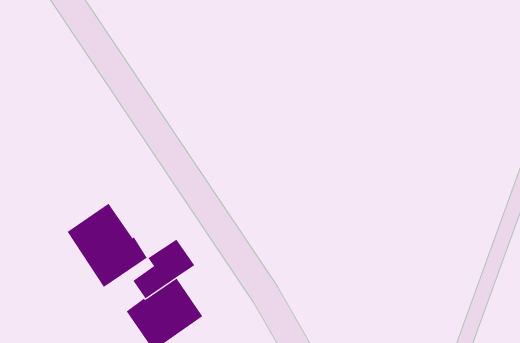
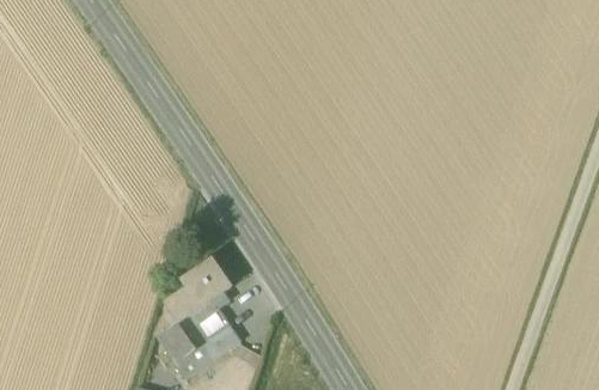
building: [67,203,147,288] -> none

